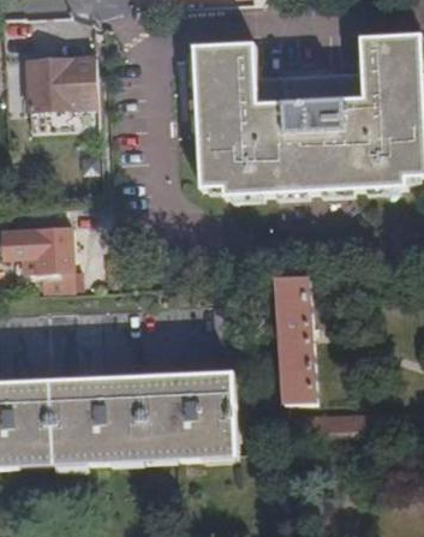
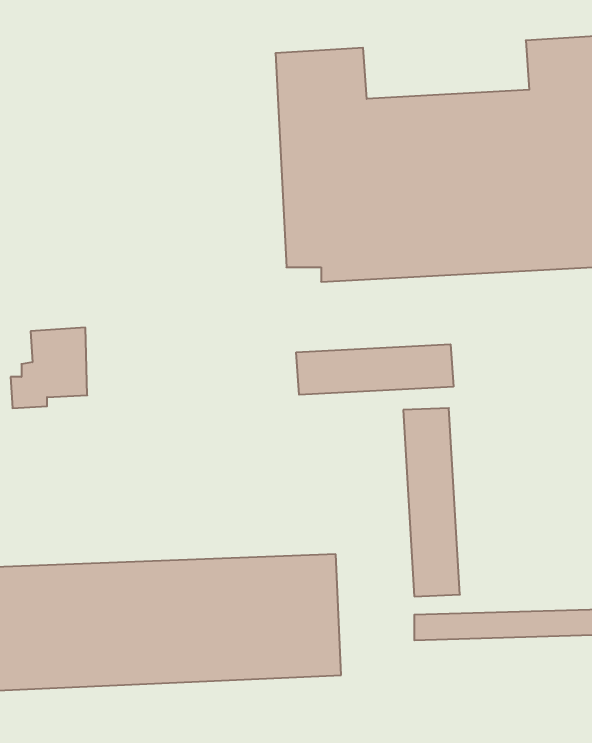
building: [26,58,97,111] -> none
building: none -> [296,344,453,395]

